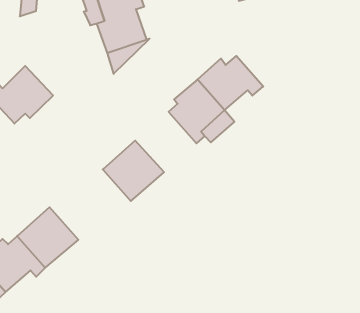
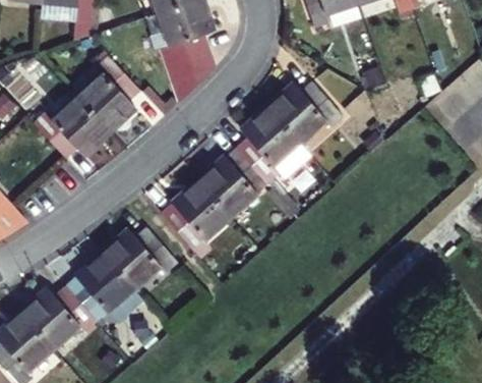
building: none -> [75,54,139,129]
building: none -> [199,148,268,216]
building: none -> [103,228,178,292]

